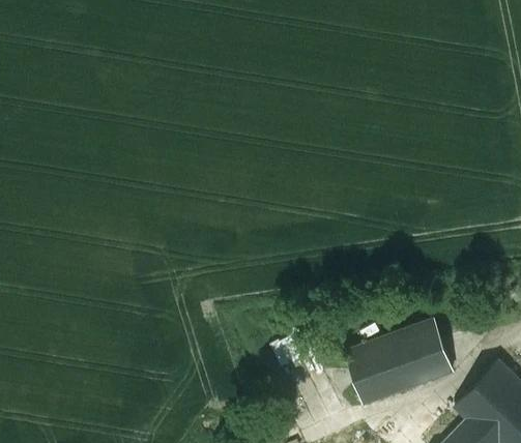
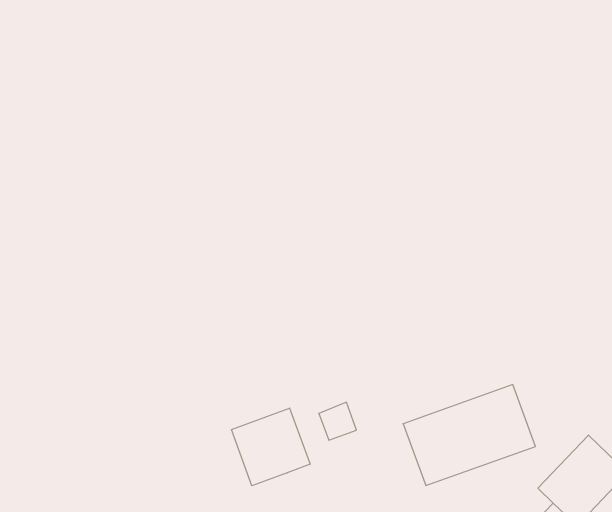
building: none -> [232,408,310,486]

